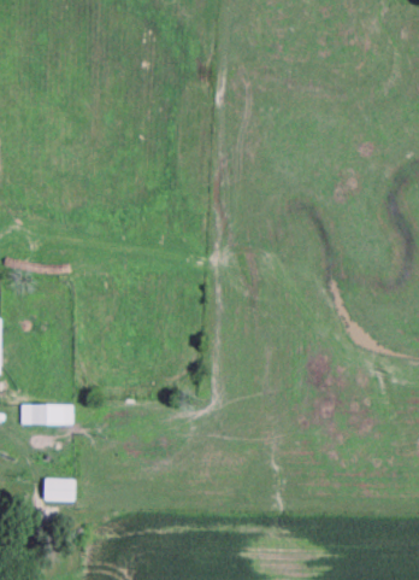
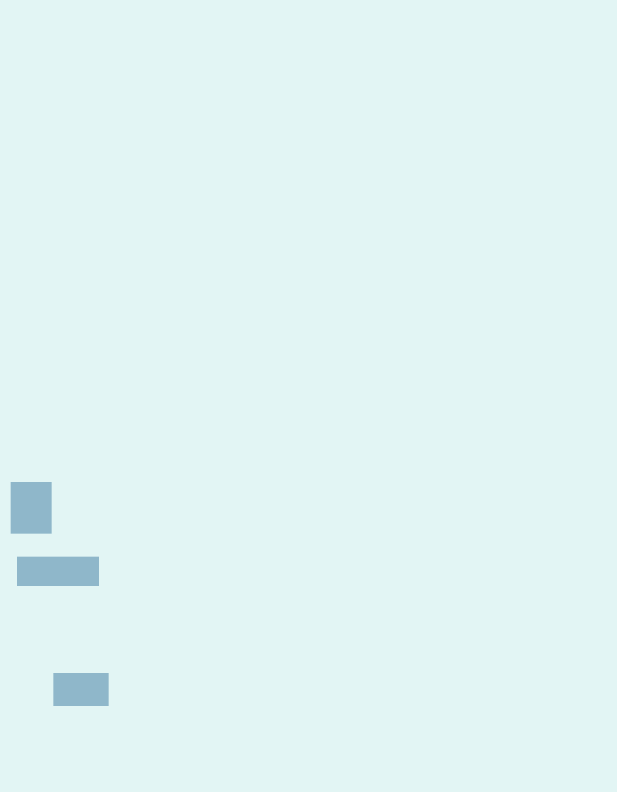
building: none -> [10,481,52,535]

